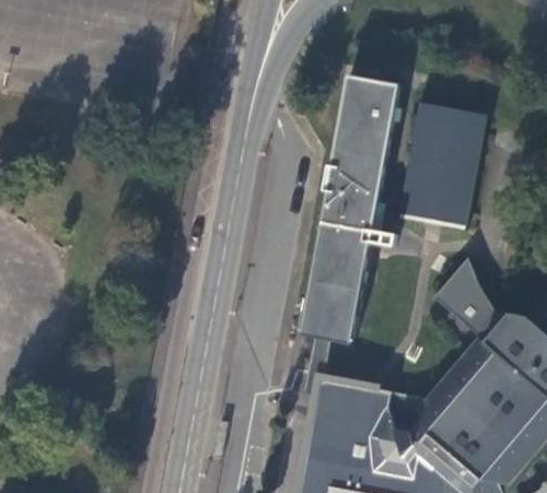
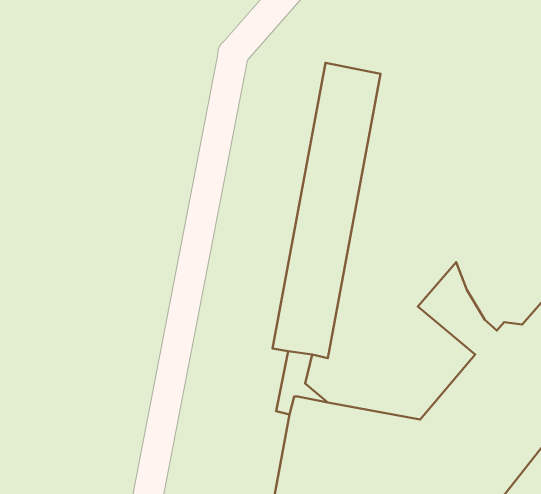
building: [395,103,487,231] -> none

